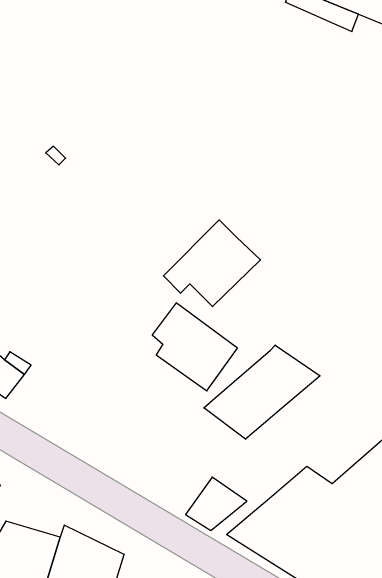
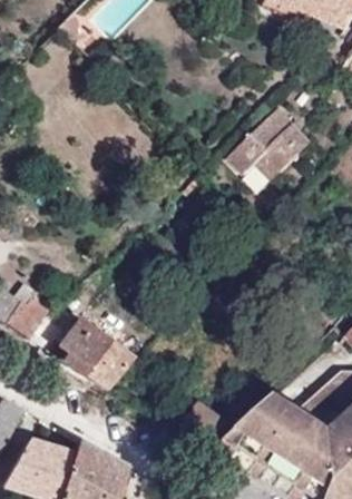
building: [163,220,261,307] -> [231,112,312,185]
building: [152,303,237,391] -> [56,316,127,390]
building: [204,345,320,439] -> none

